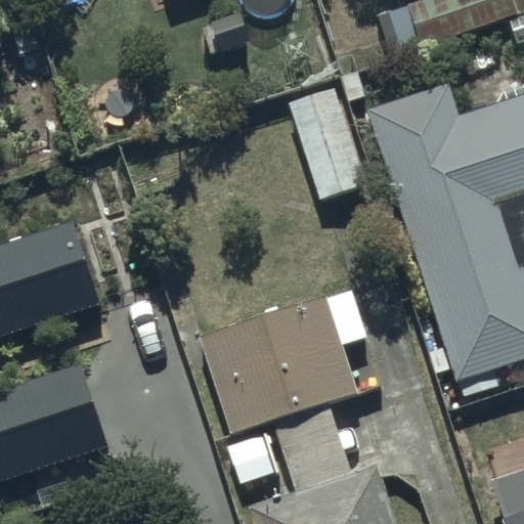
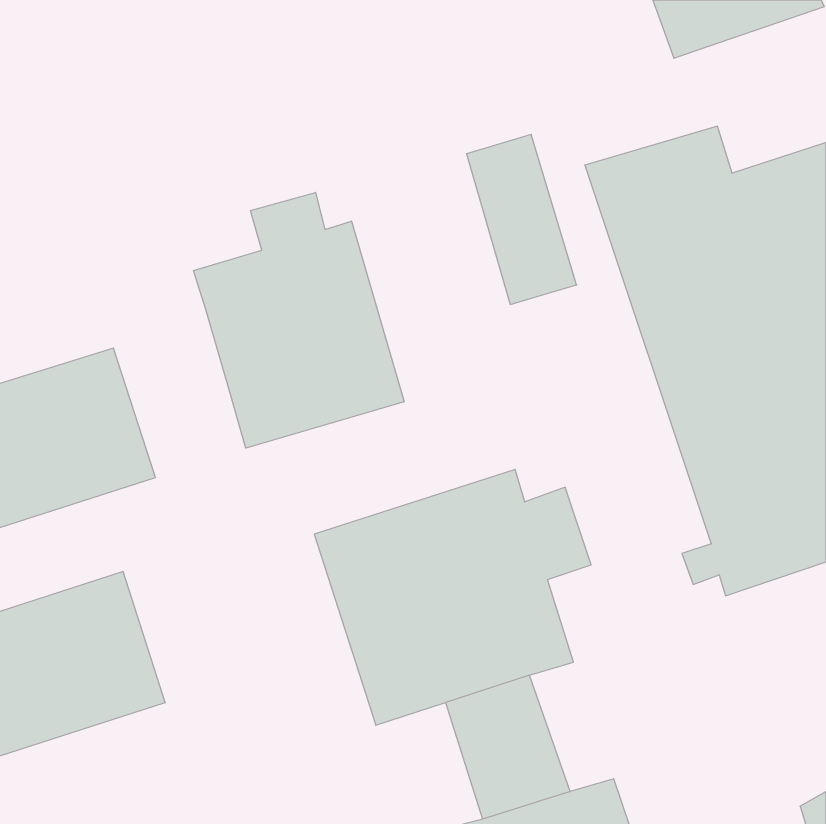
building: none -> [194,192,404,448]

